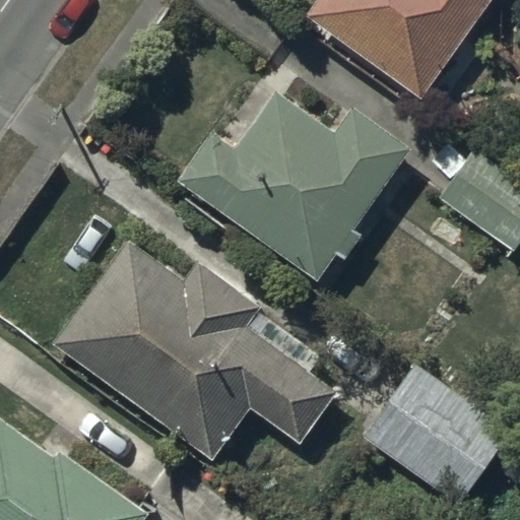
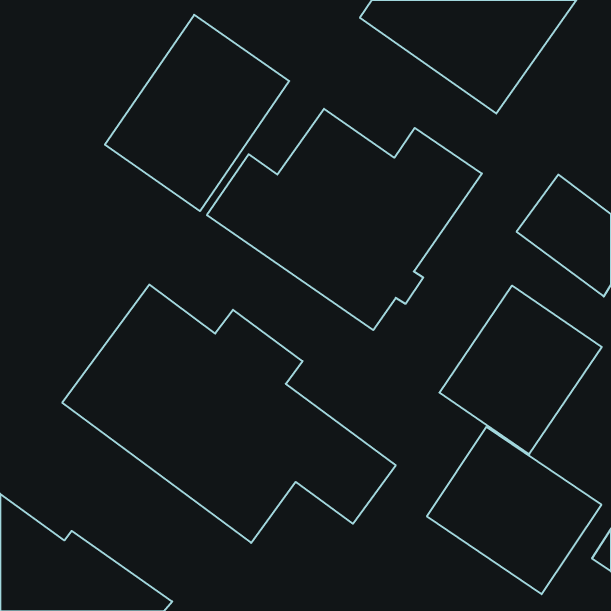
building: none -> [105,15,289,211]
building: none -> [439,286,602,454]

